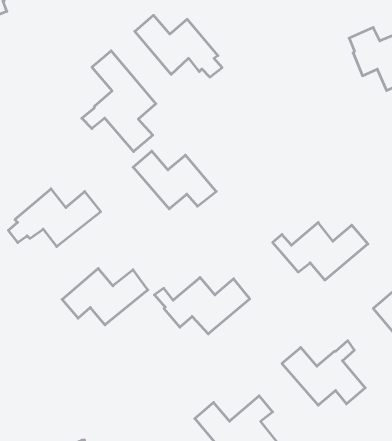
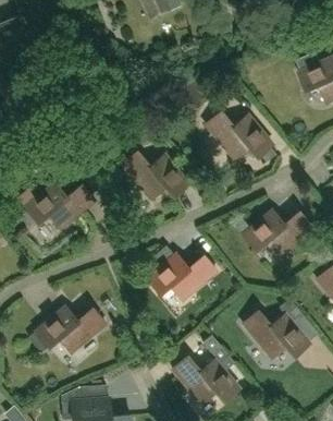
building: [135,15,222,77] -> [205,111,275,161]
building: [82,51,156,152] -> none
building: [62,268,148,325] -> [35,306,104,352]

